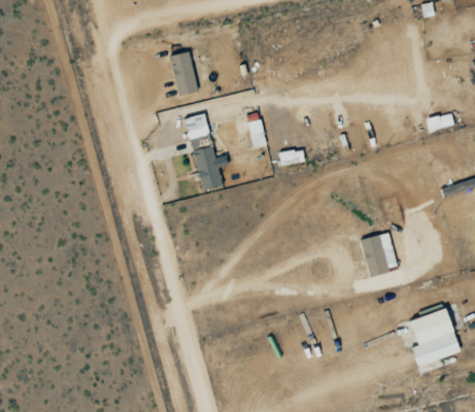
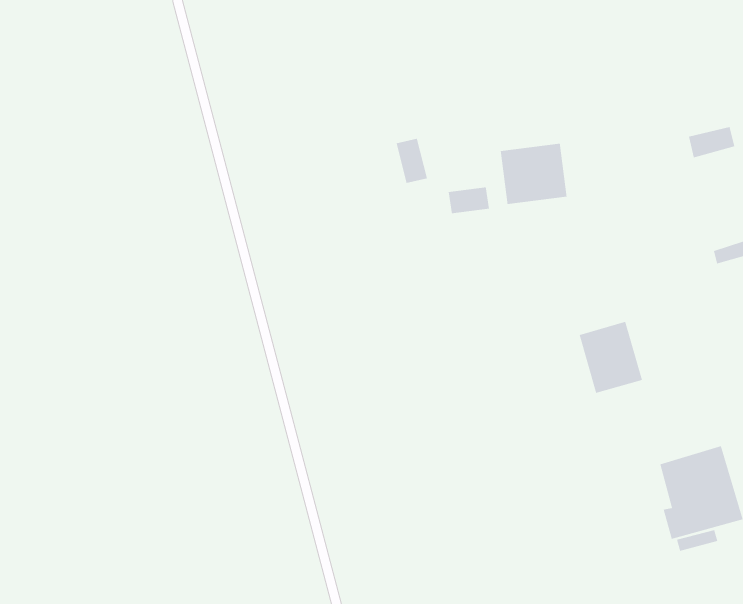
building: [170,52,198,96] -> none
building: [186,113,228,191] -> none
building: none -> [500,143,567,205]

